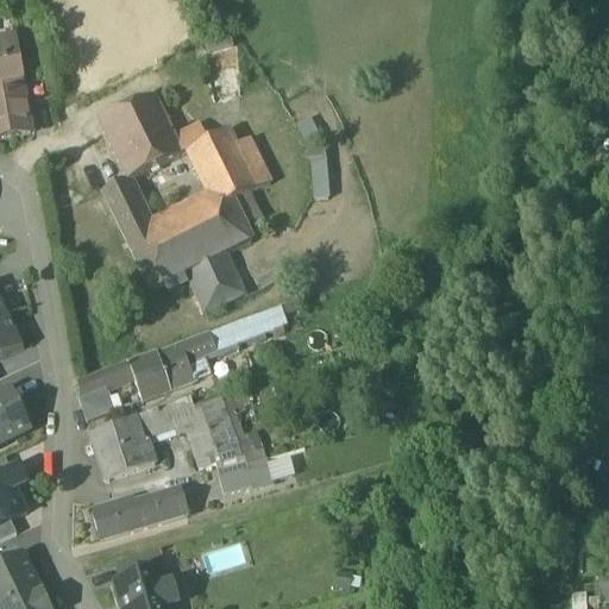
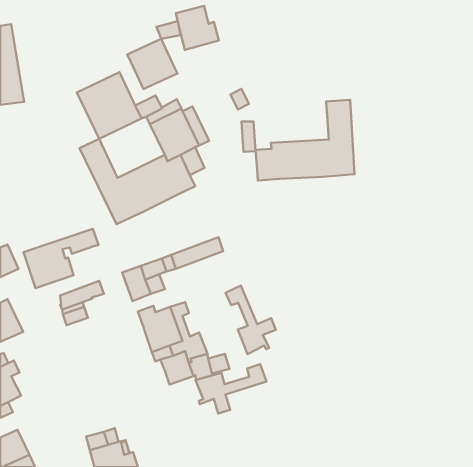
building: none -> [176,6,219,50]
building: none -> [127,39,178,89]
building: none -> [255,100,355,181]
building: [183,250,246,309] -> none
building: [127,350,170,397] -> none
building: none -> [226,286,276,354]
building: [88,400,184,476] -> [24,229,99,288]
building: none -> [196,364,266,414]
building: [106,489,184,529] -> none

